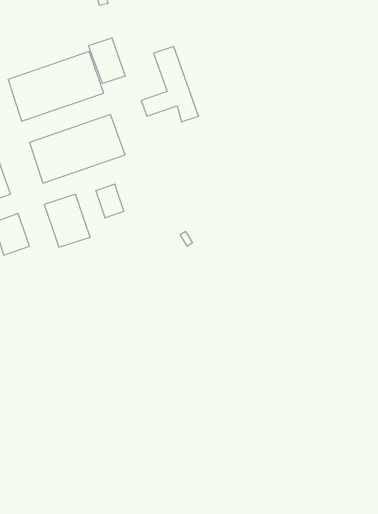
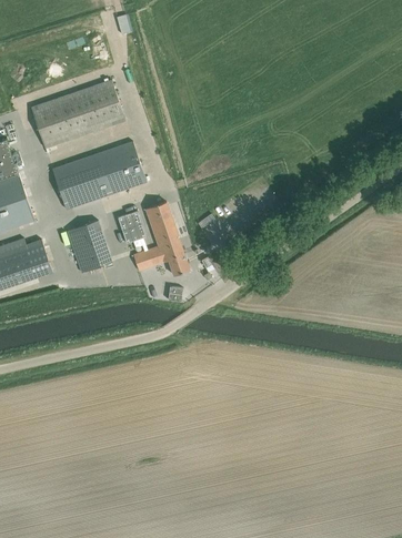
building: [89,38,125,83] -> none
building: [141,46,199,122] -> [132,201,189,275]

